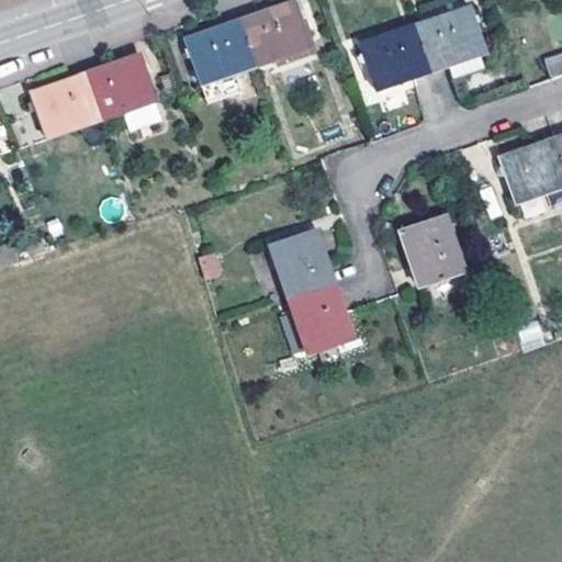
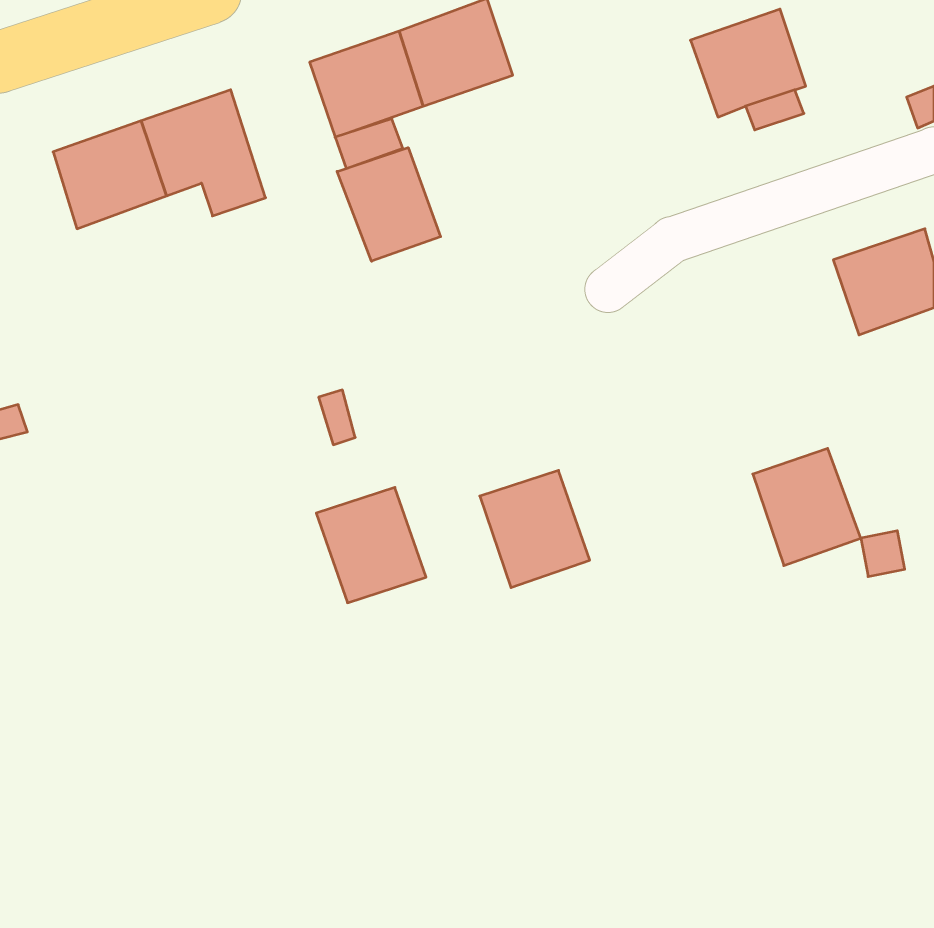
building: [361,24,430,89] -> none
building: none -> [337,148,441,261]
building: [400,214,464,284] -> [753,448,861,566]
building: [269,228,335,297] -> [316,487,426,603]

